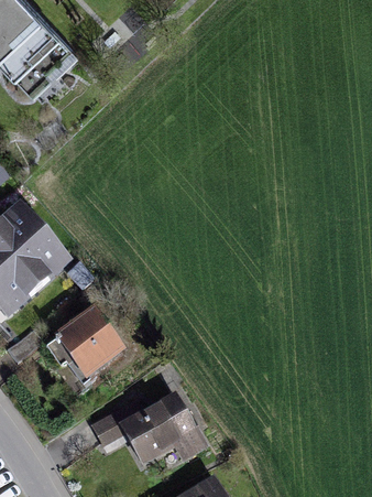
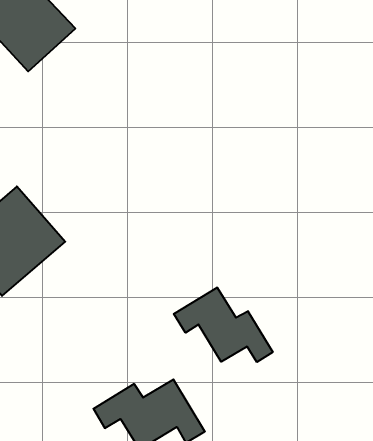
building: none -> [174,287,273,362]
building: [45,312,123,382] -> none

